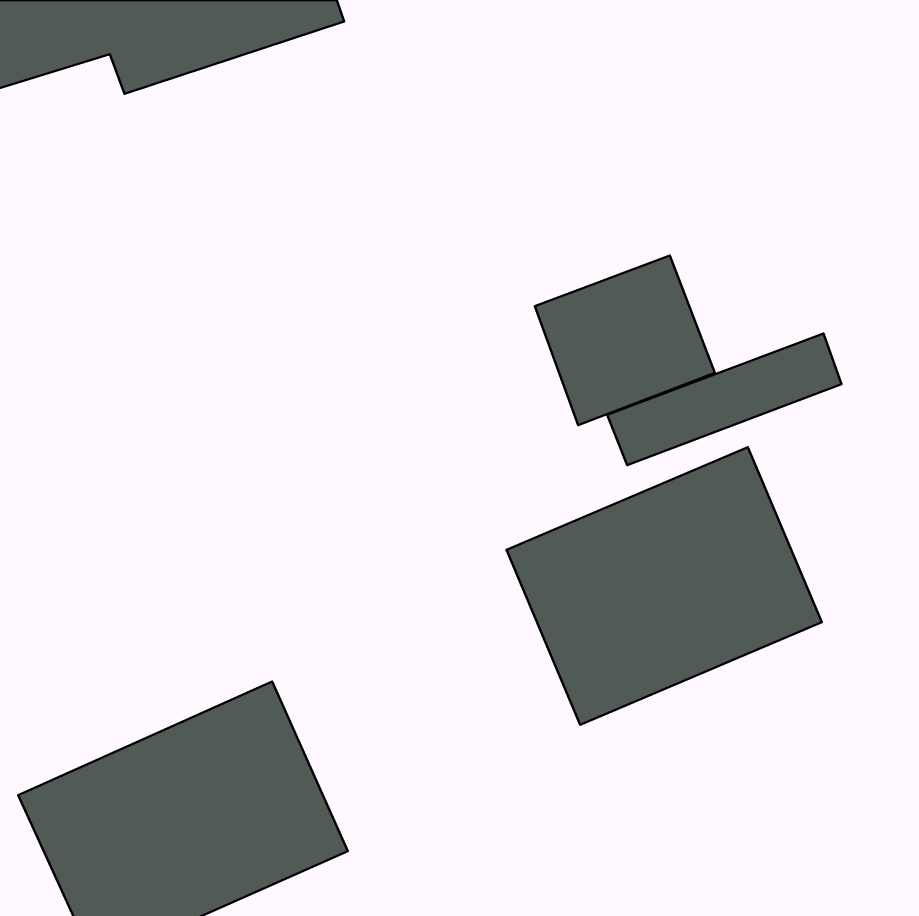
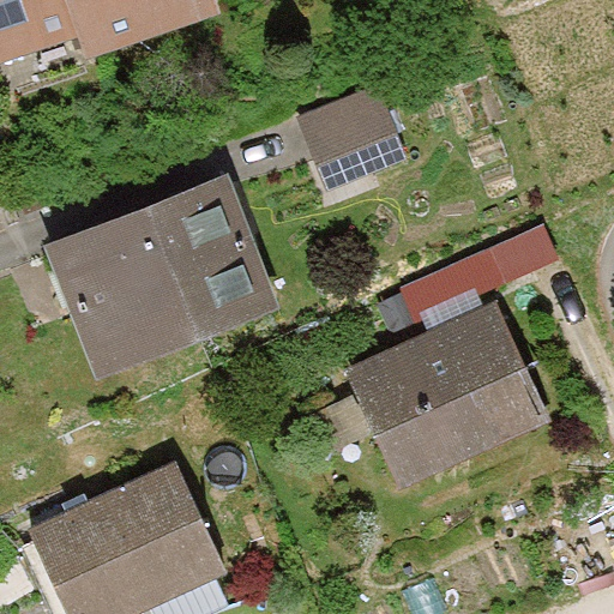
building: [535,256,715,425] -> [294,83,414,195]
building: none -> [48,180,276,374]

